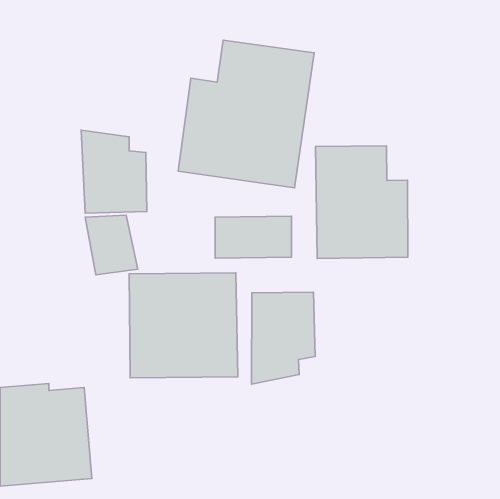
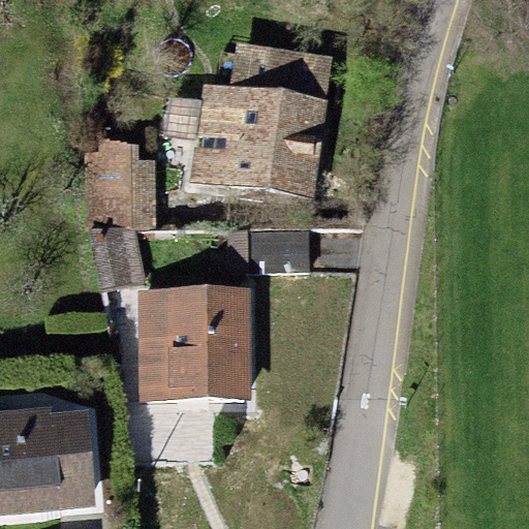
building: [315,146,408,258] -> none
building: [252,292,315,384] -> none

